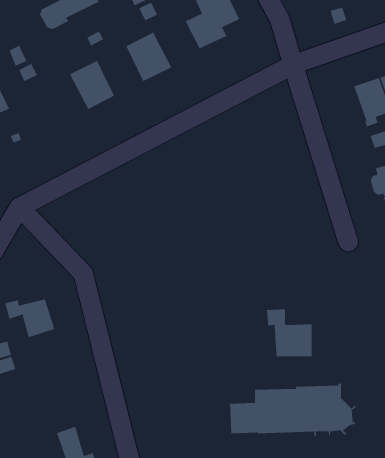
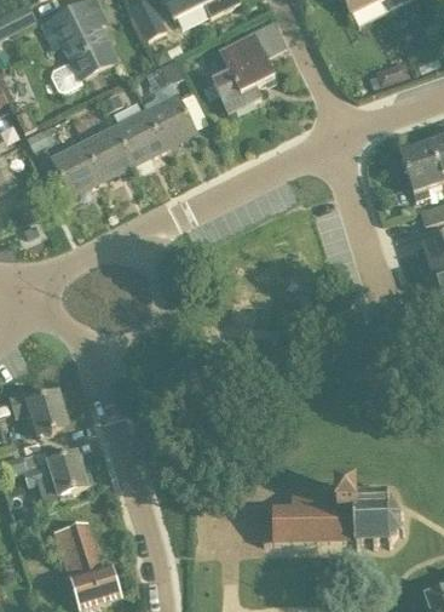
building: none -> [114,108,165,164]
building: none -> [51,139,103,195]
building: [267,308,312,357] -> none
building: none -> [33,452,92,494]

